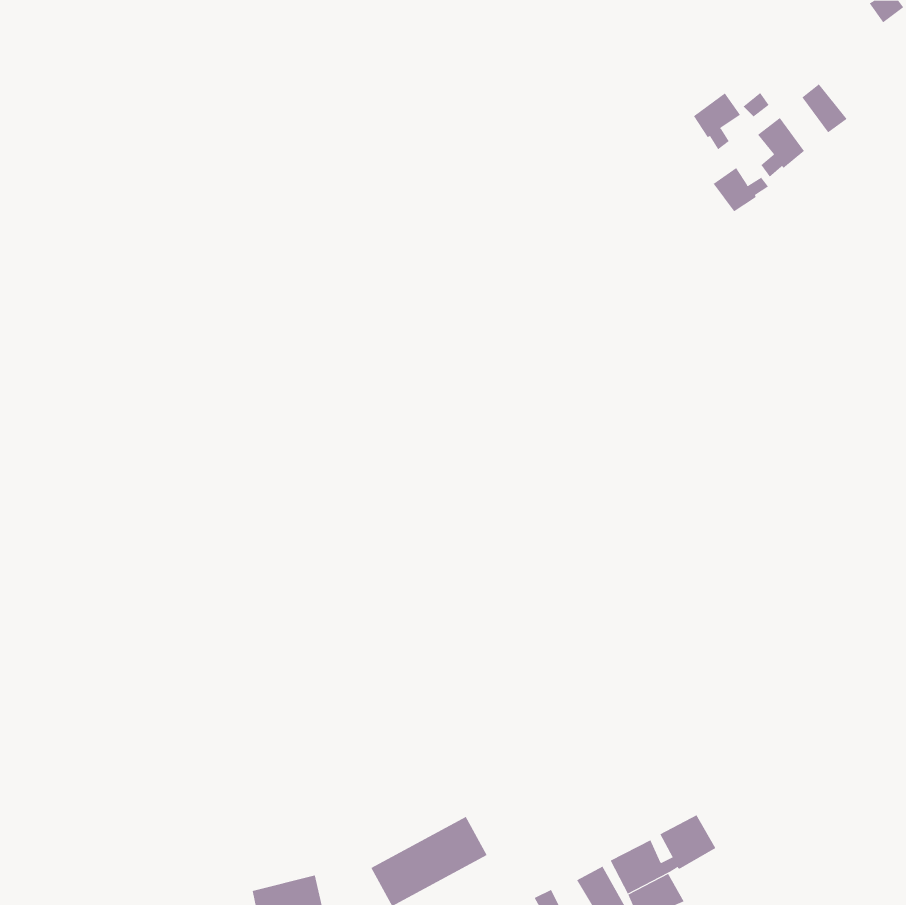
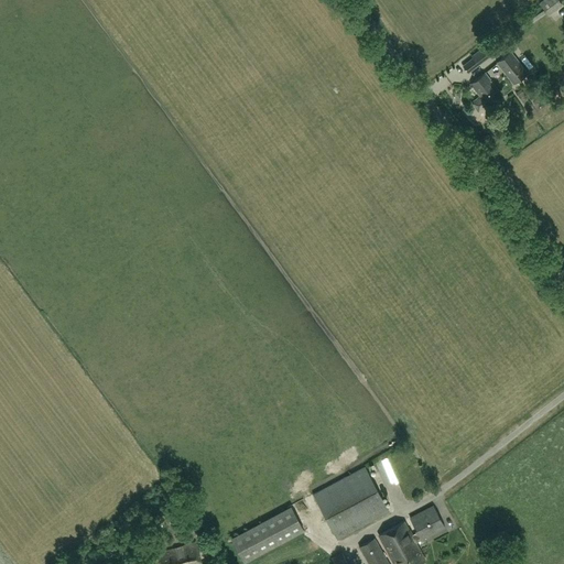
building: [693,92,741,150] -> none
building: [713,167,769,212] -> none
building: none -> [313,467,389,540]

